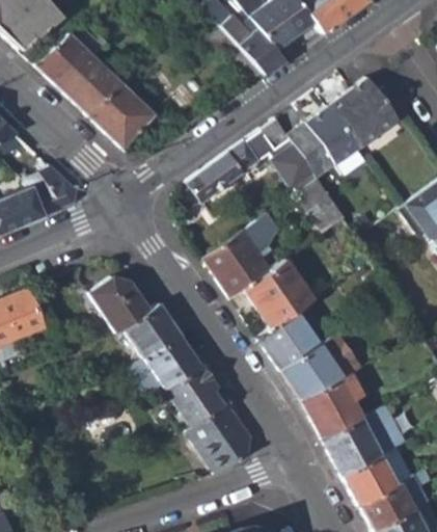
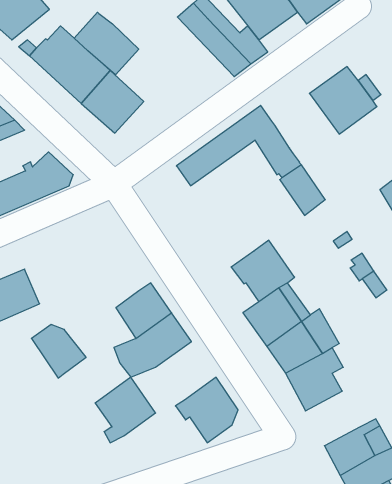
building: none -> [74,12,139,75]
building: [289,105,359,178] -> none
building: [204,220,270,296] -> none
building: [92,277,149,334] -> [31,325,86,378]
building: [167,365,230,433] -> [95,377,156,443]
building: [324,405,403,474] -> none

